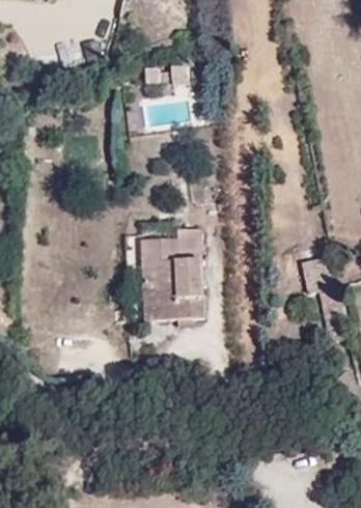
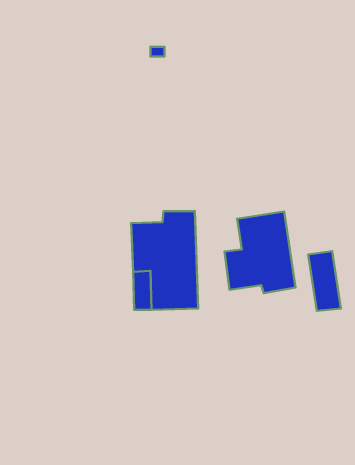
building: none -> [224,212,295,293]

